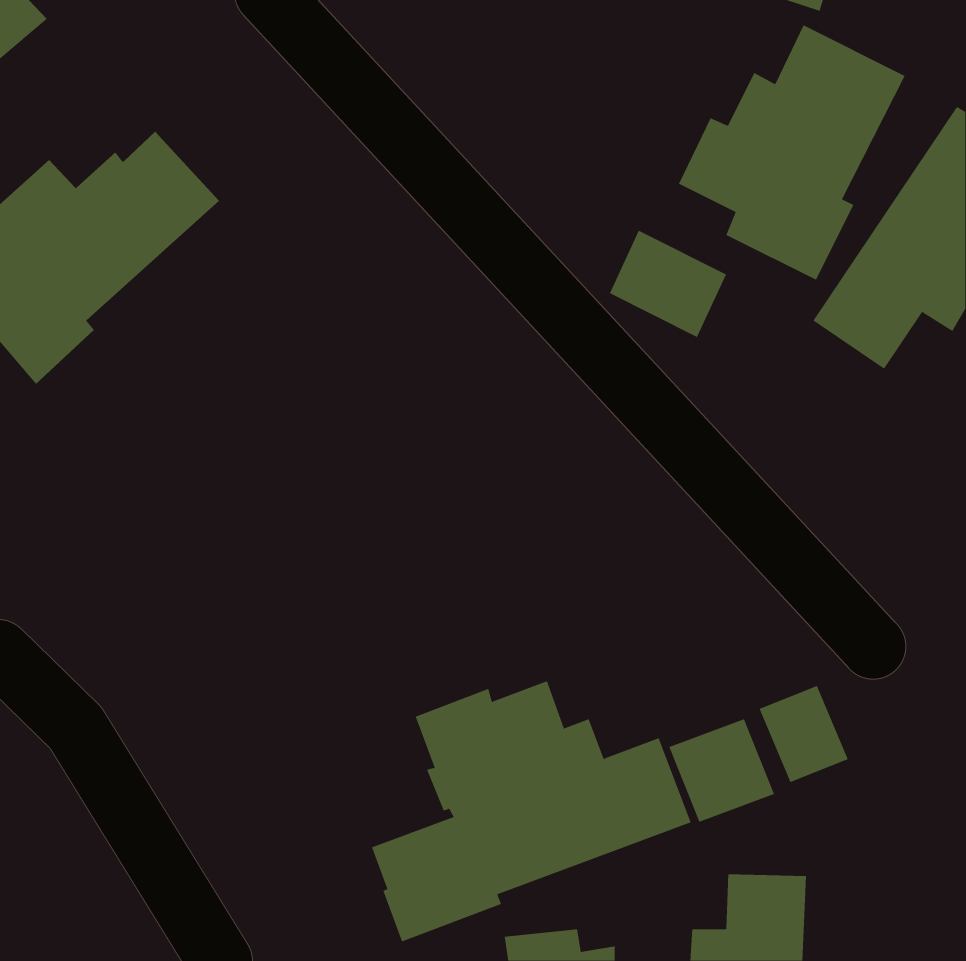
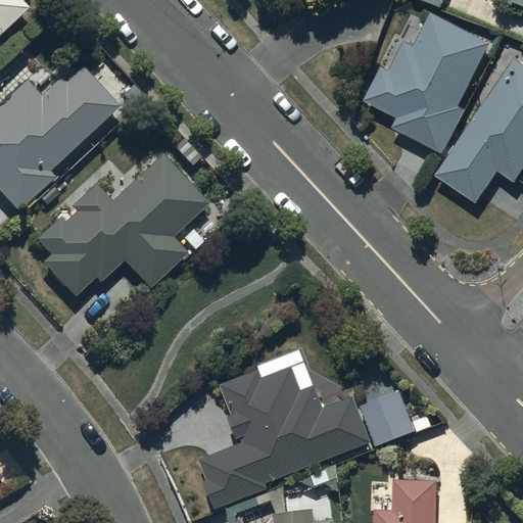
building: [609,230,727,338] -> none
building: none -> [41,162,201,294]
building: [759,685,848,783] -> none

